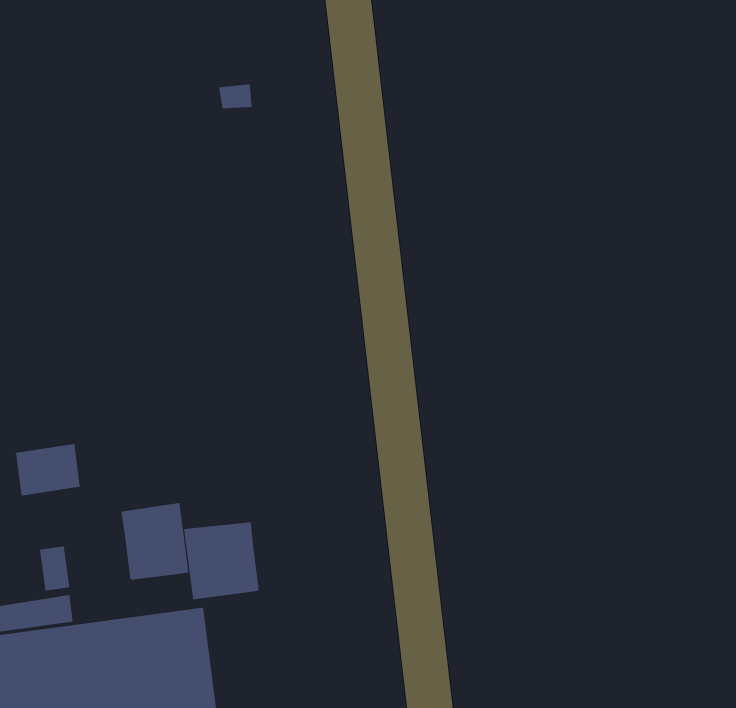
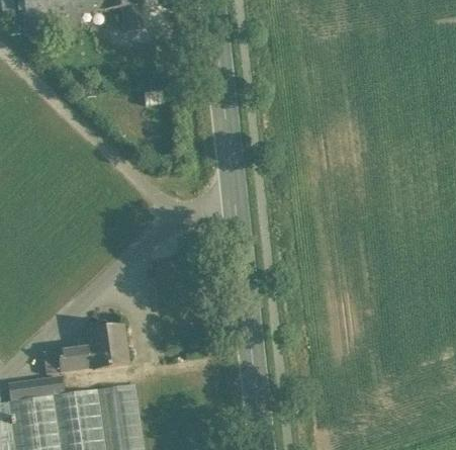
building: [14,444,81,496] -> [57,343,94,372]
building: [184,521,259,600] -> none

